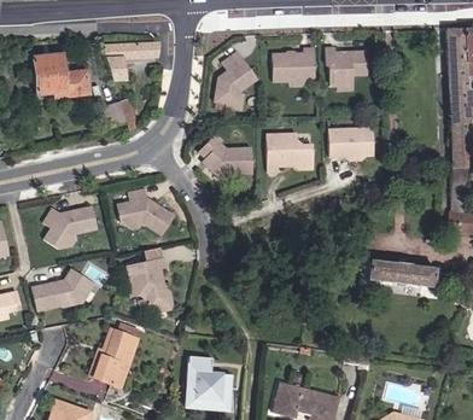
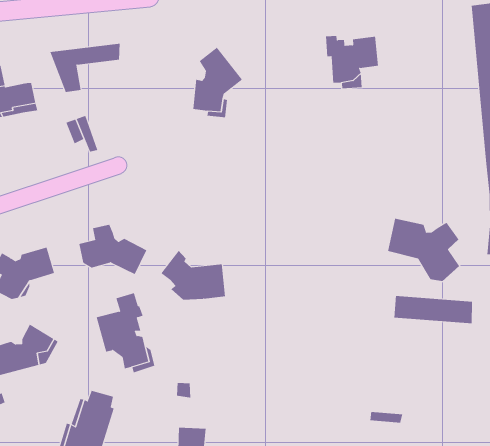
building: [273,47,314,81] -> none
building: [328,127,372,156] -> none
building: [199,133,251,174] -> [161,250,226,300]
building: [265,133,311,173] -> none
building: none -> [388,218,460,282]

